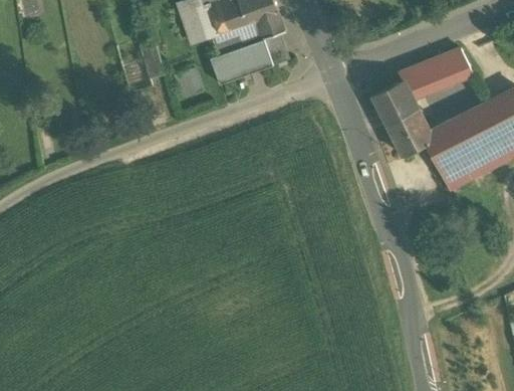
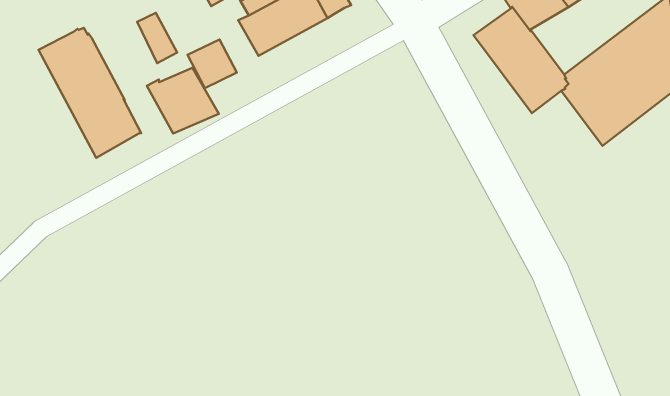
building: none -> [39,28,141,158]
building: none -> [147,67,219,134]

